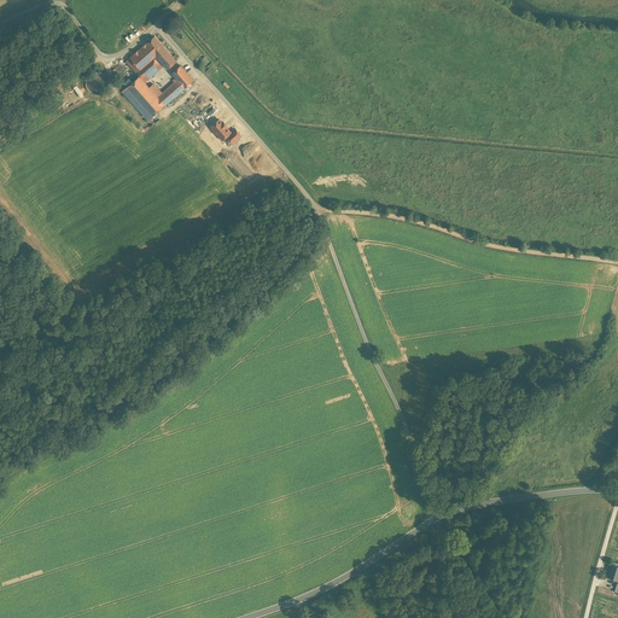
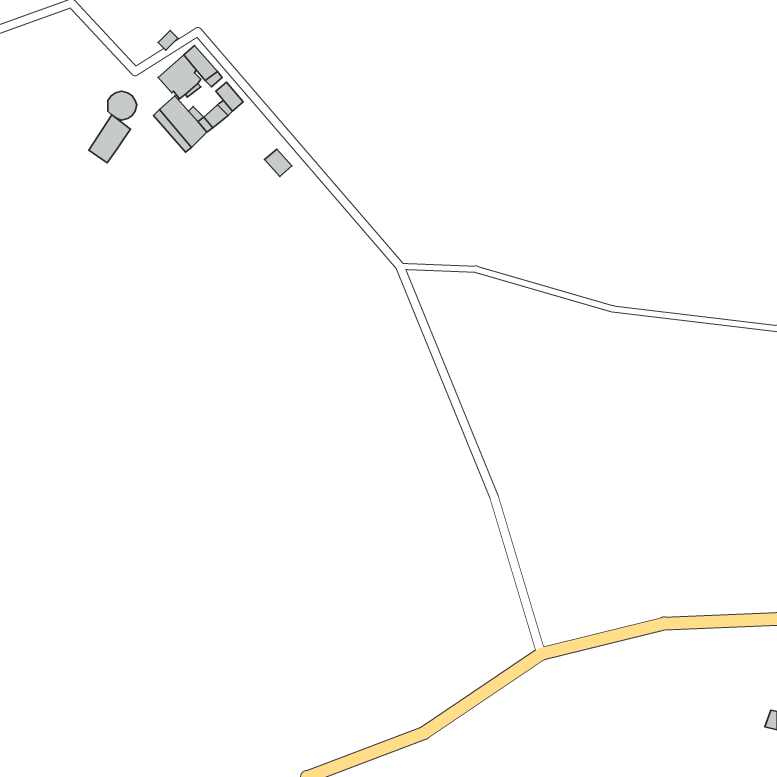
building: none -> [89,115,130,163]

